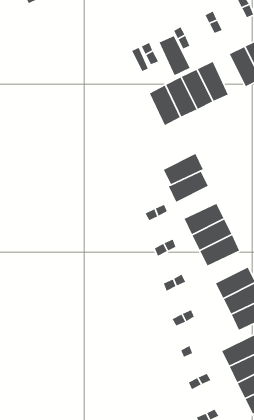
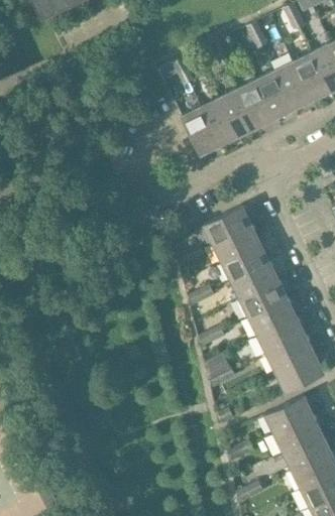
building: [159,35,191,76] -> [256,73,294,120]
building: [163,153,204,185] -> [213,226,260,263]
building: none -> [249,300,297,338]

